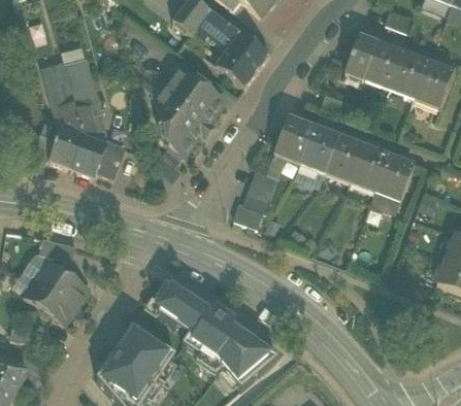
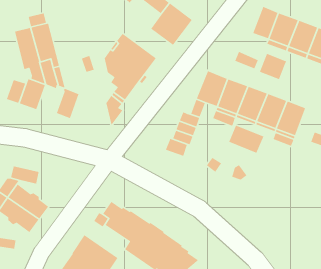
building: none -> [259,53,287,80]
building: [73,135,107,175] -> none
building: none -> [228,125,264,154]

